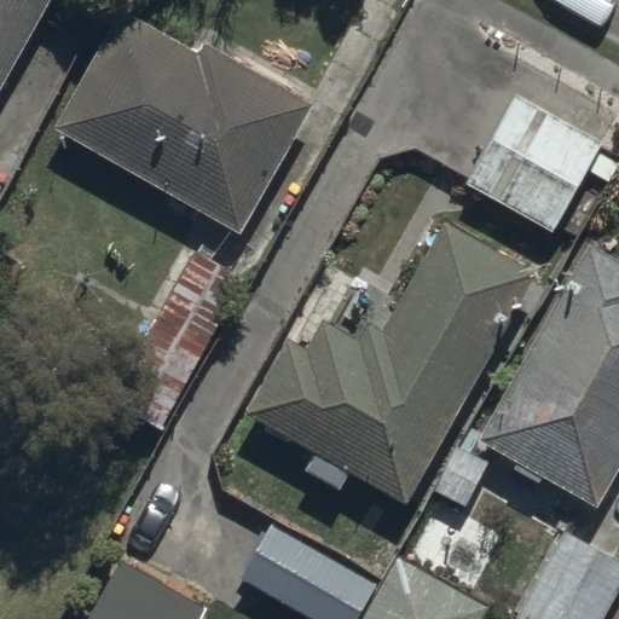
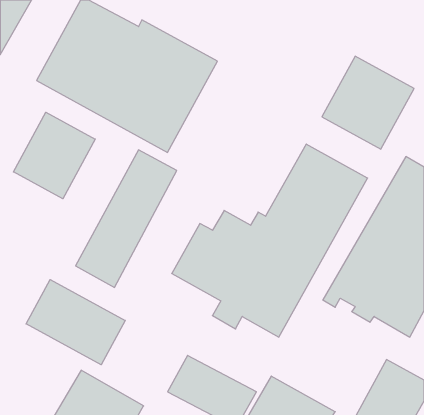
building: none -> [13,112,95,199]
building: none -> [26,280,125,365]

